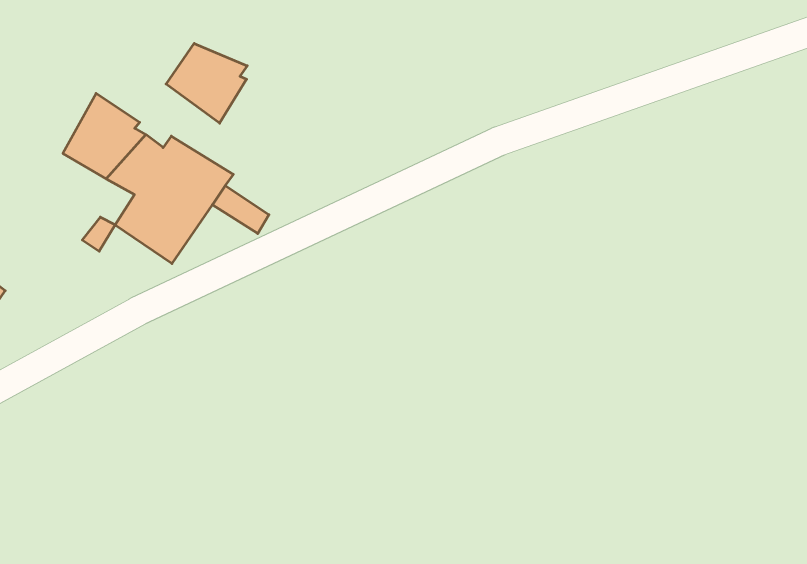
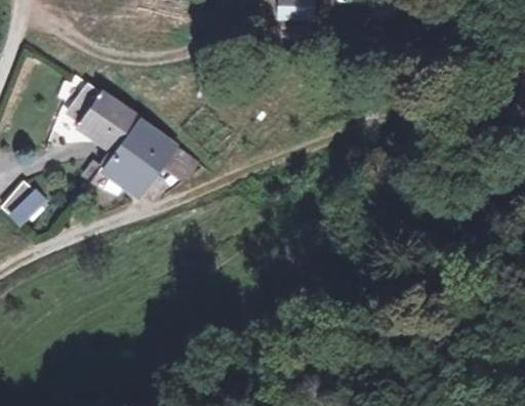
building: [166,43,247,123] -> none

